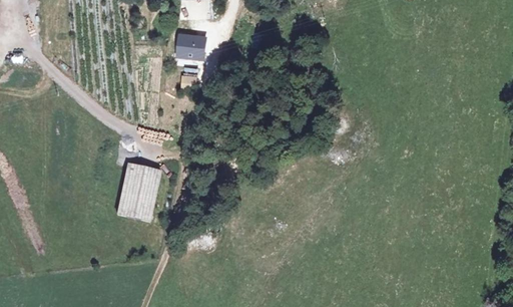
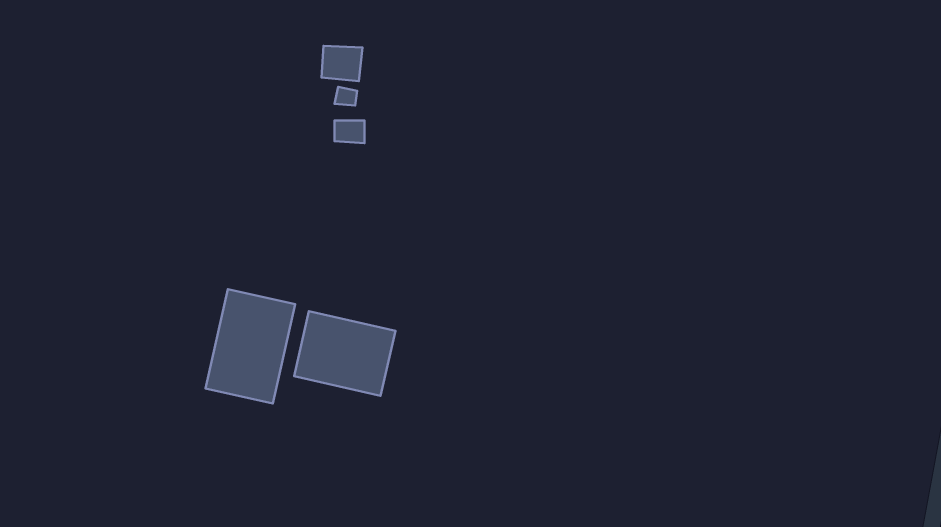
building: none -> [294,311,395,396]

